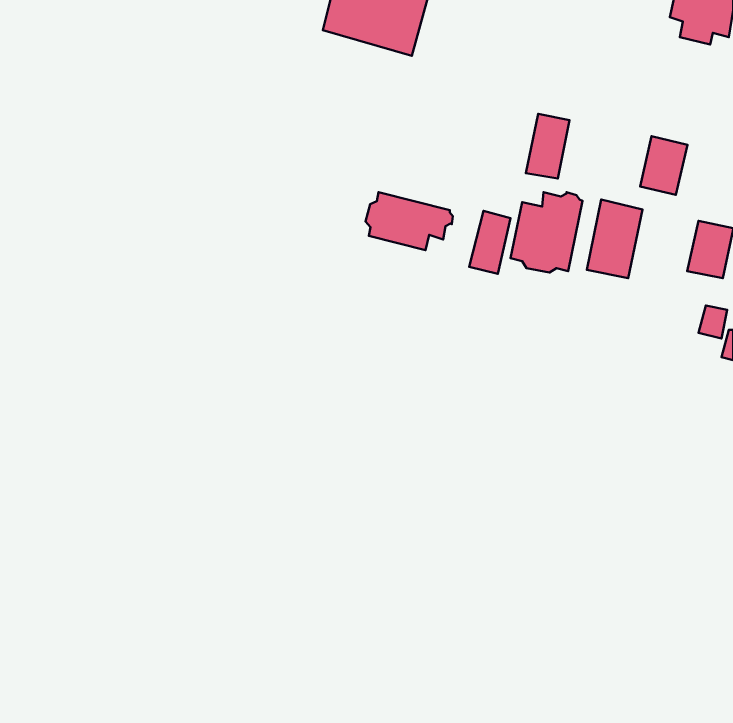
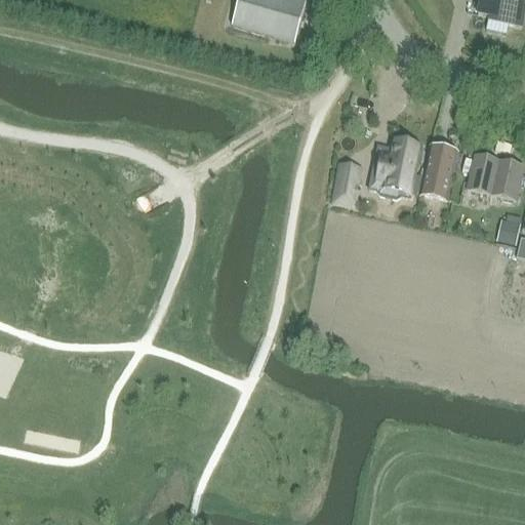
building: [526,114,570,178] -> none
building: [640,136,687,195] -> [466,152,499,194]
building: [365,192,453,250] -> none

